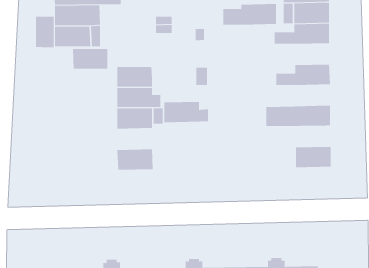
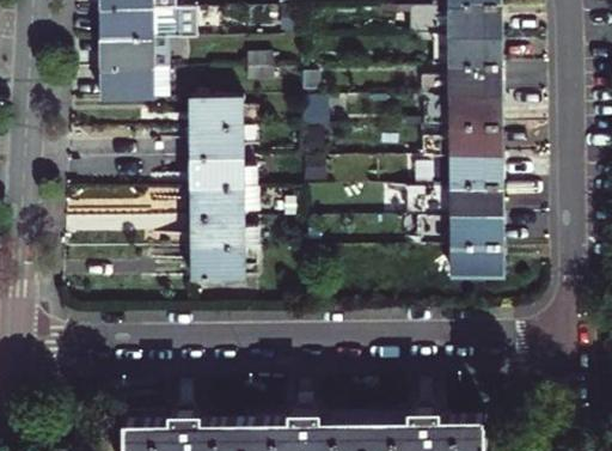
building: [222,4,277,25] -> [422,98,501,129]
building: [36,16,54,48] -> none
building: [72,49,108,69] -> [190,102,243,132]
building: none -> [449,158,502,189]
building: [164,101,209,123] -> [191,221,257,252]
building: none -> [420,218,503,249]

